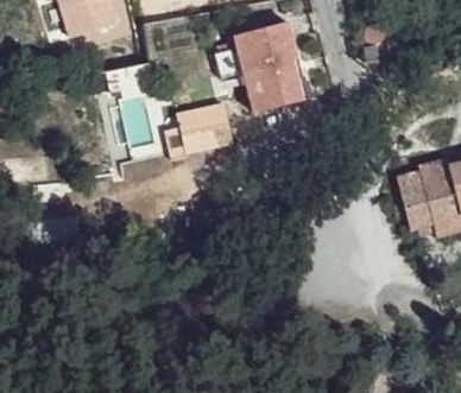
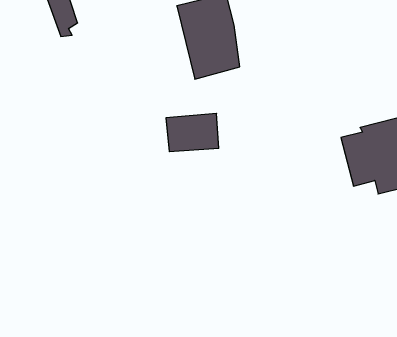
building: [171,104,227,145] -> [166,113,219,152]

